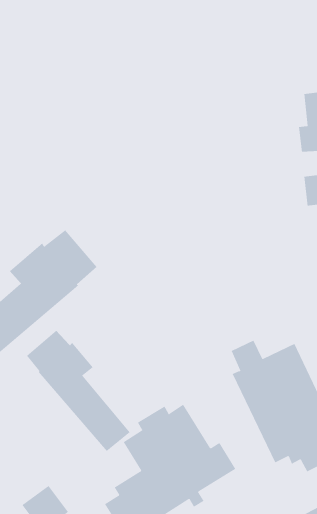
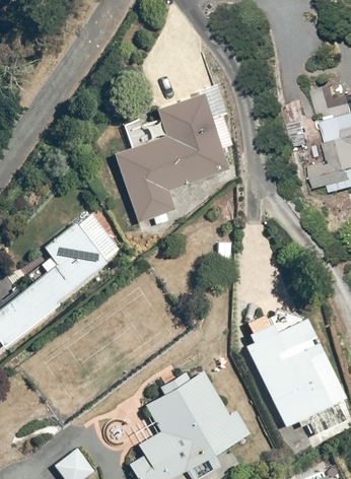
building: none -> [117,89,228,222]
building: [26,330,130,452] -> none

